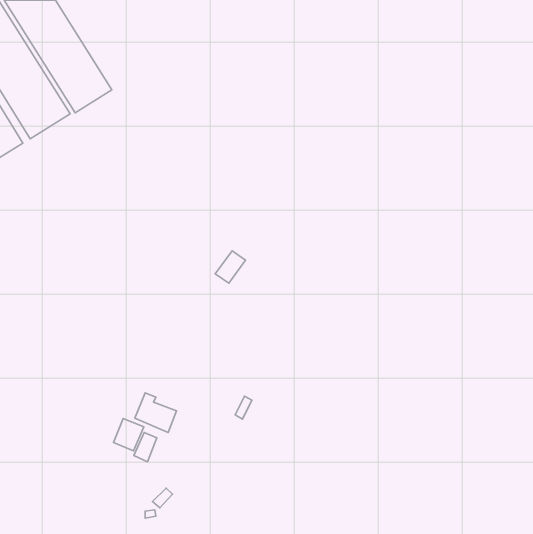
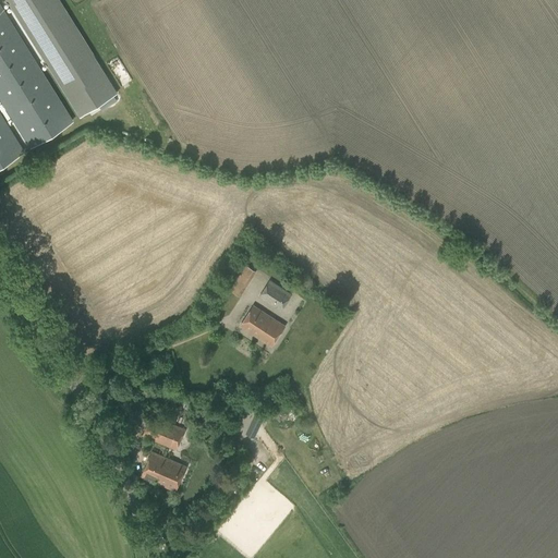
building: none -> [257,280,291,312]
building: none -> [239,305,283,345]
building: [114,419,144,451] -> [154,457,185,490]

